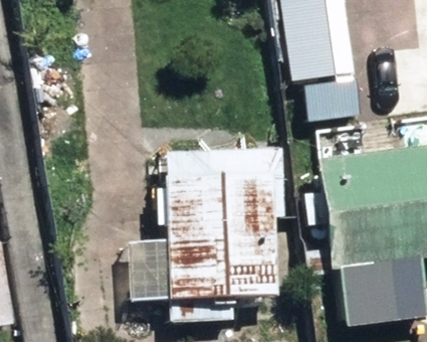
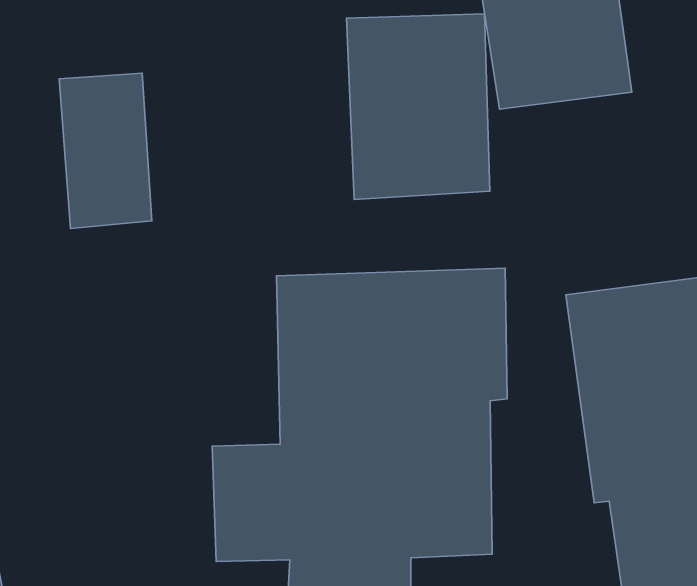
building: none -> [346,14,490,199]

